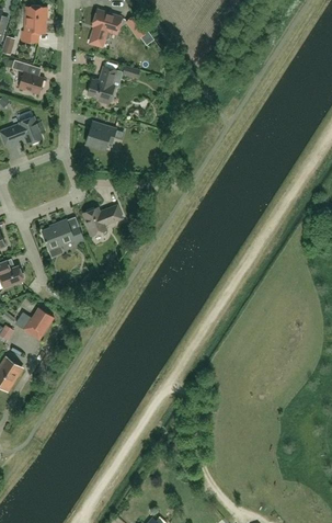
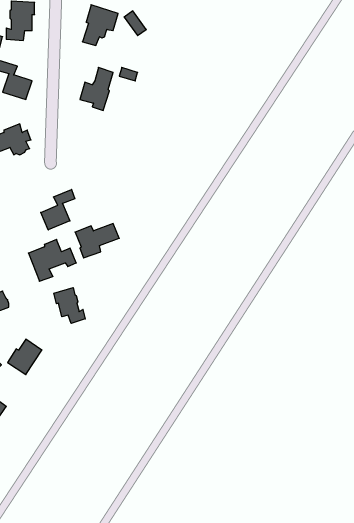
building: [84,122,115,150] -> none
building: none -> [41,189,75,230]
building: none -> [54,288,85,323]

